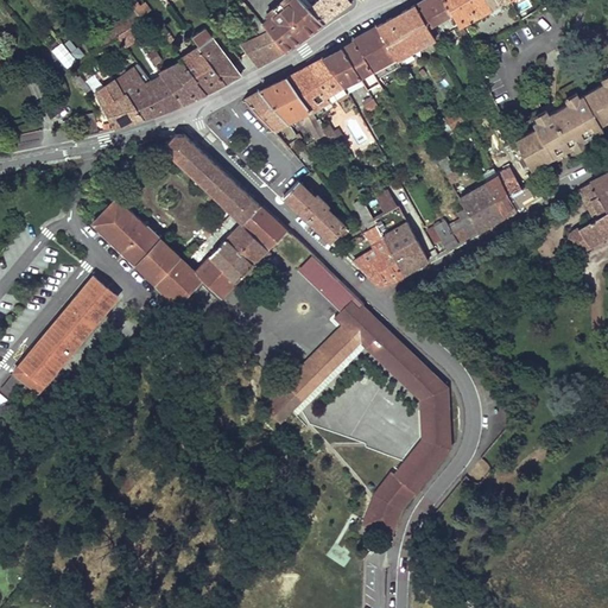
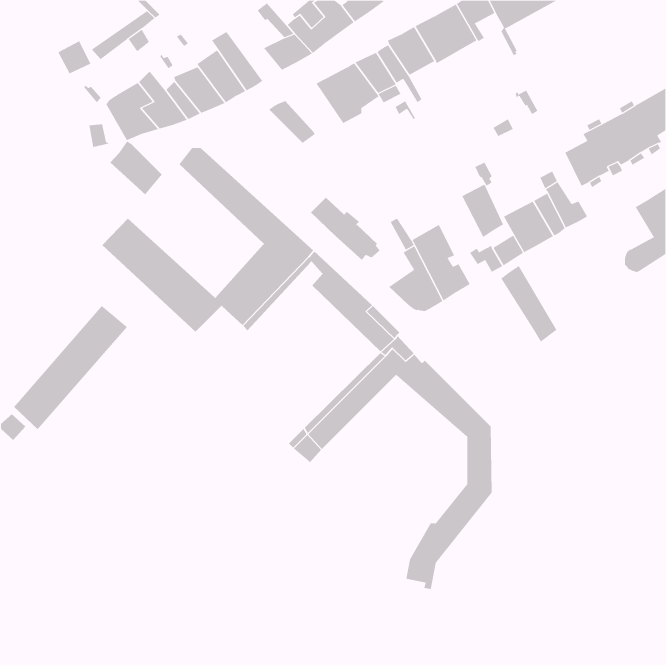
building: [260,77,322,133] -> none
building: none -> [109,141,163,195]
building: none -> [461,184,504,238]
building: none -> [501,265,557,343]

